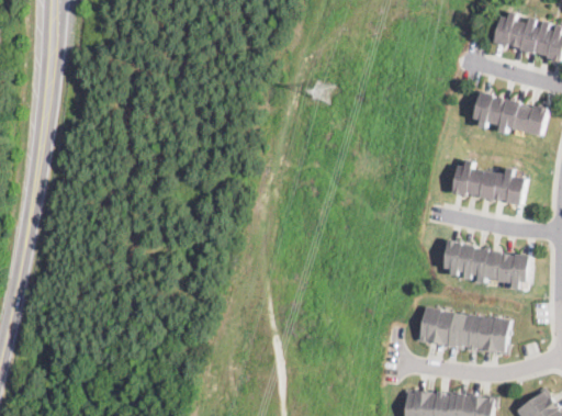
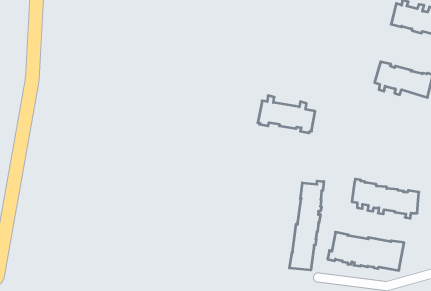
building: [452,159,525,206] -> [258,96,315,133]
building: none -> [289,181,324,270]

